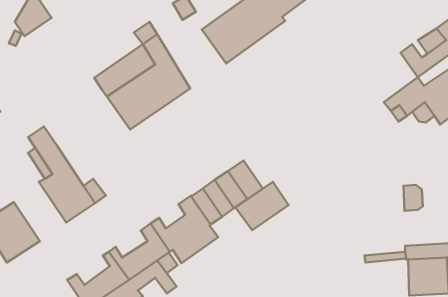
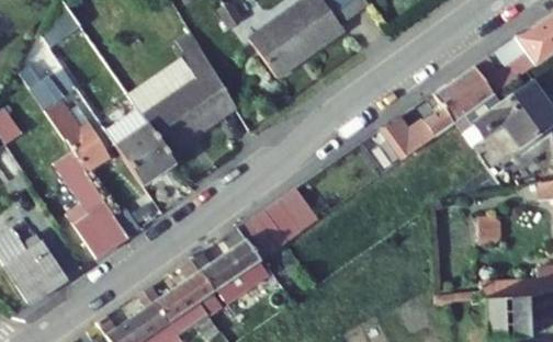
building: none -> [386,66,495,157]
building: none -> [32,70,110,170]
building: none -> [105,107,176,184]
building: [235,182,289,230] -> none

